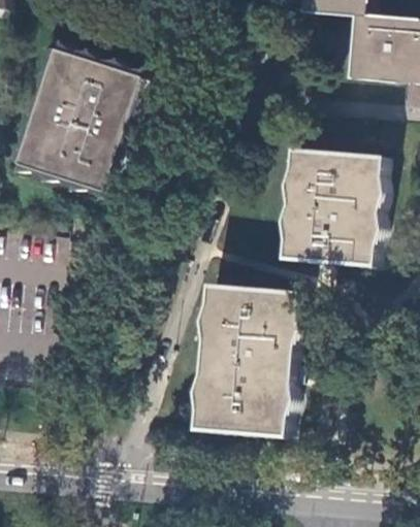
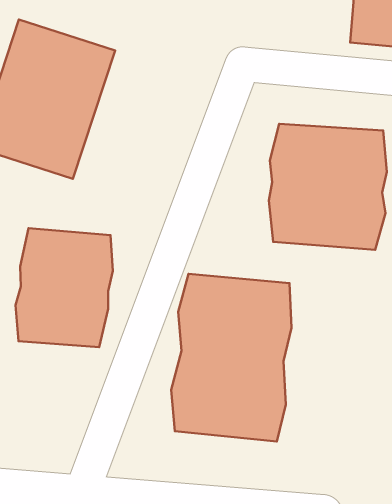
building: none -> [15,228,113,347]

